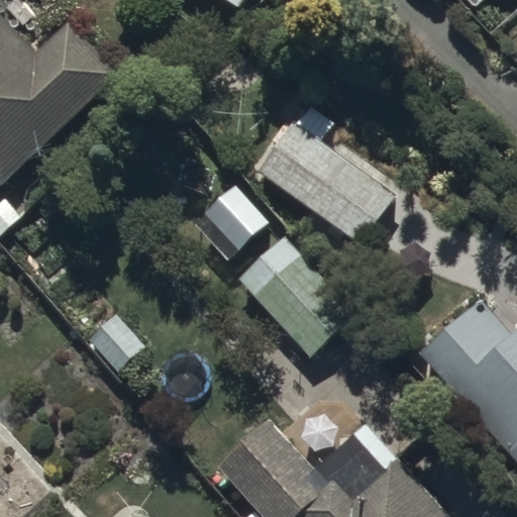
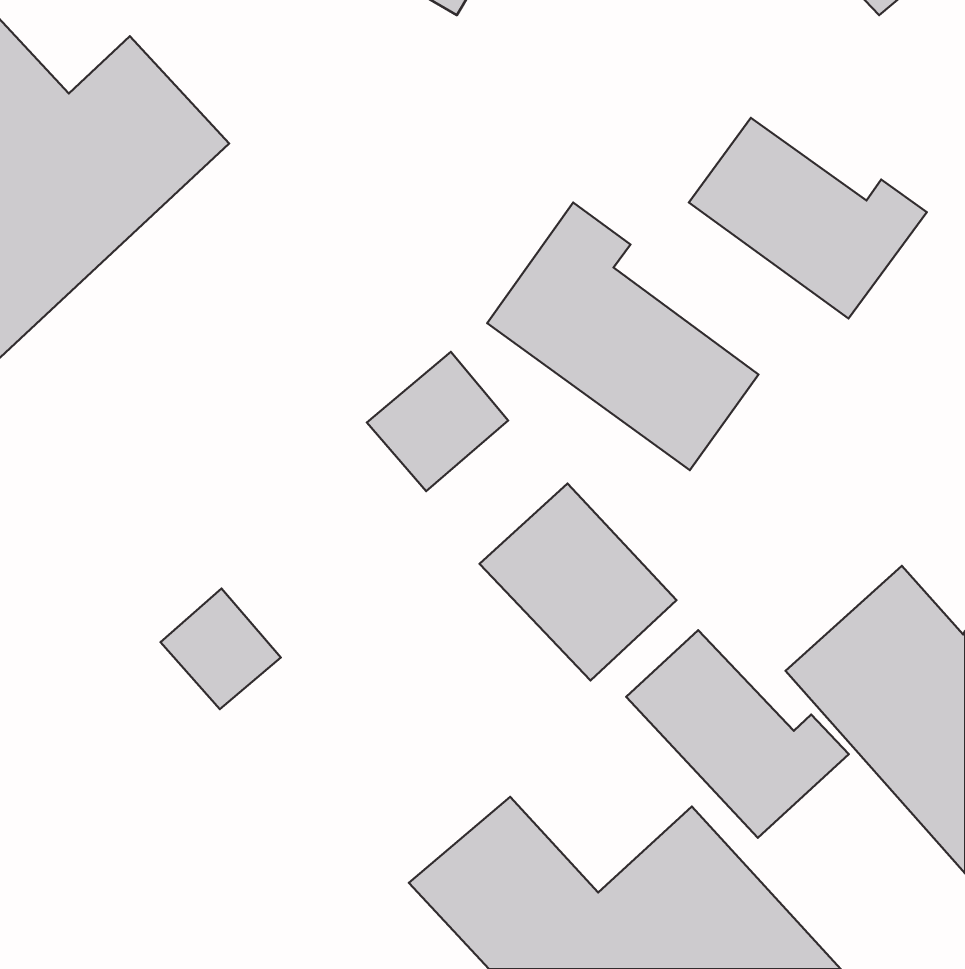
building: none -> [689,118,927,318]
building: none -> [626,630,849,838]

